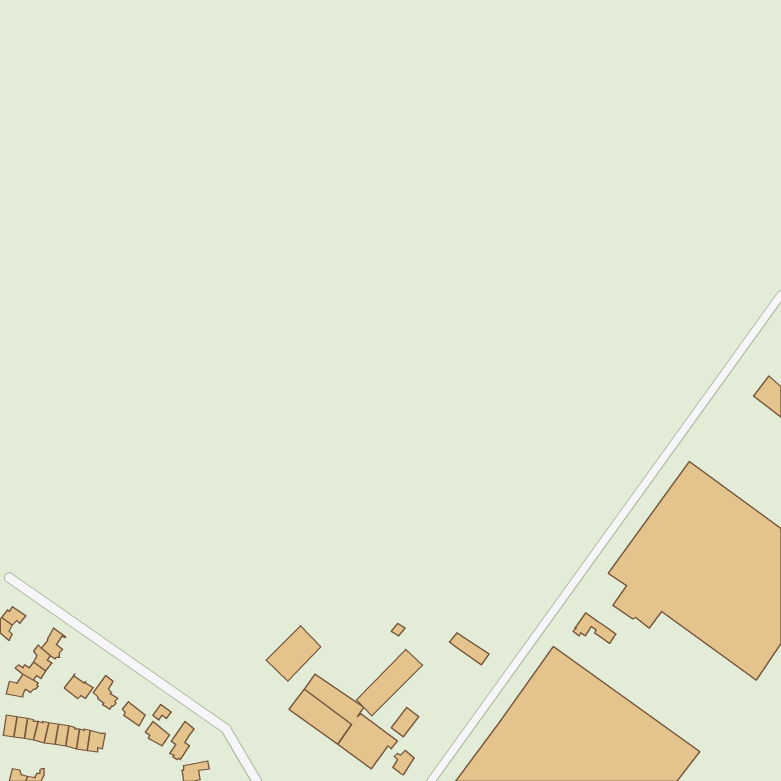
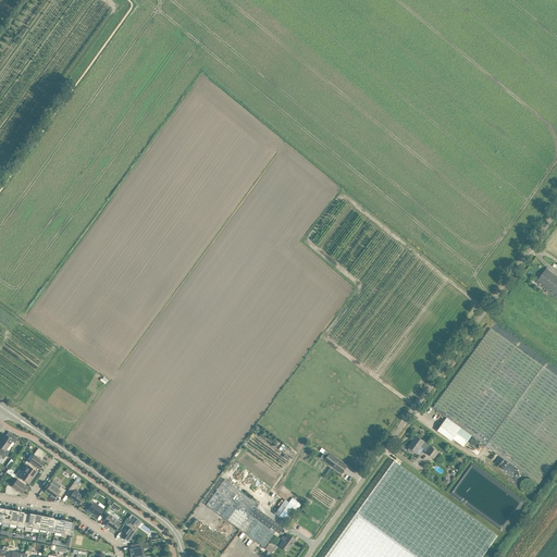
building: [266,626,321,681] -> none
building: [356,649,423,716] -> none

